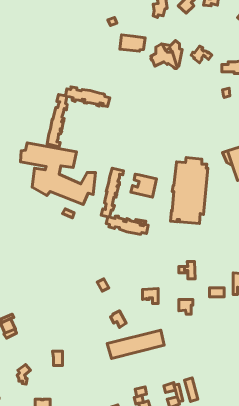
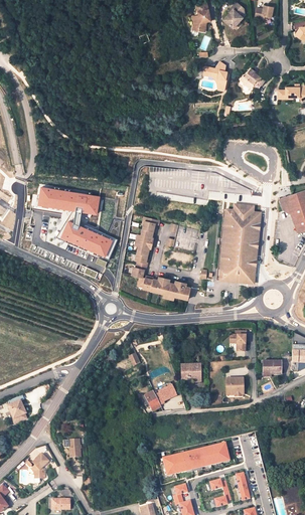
building: [120,35,145,51] -> none
building: [47,87,110,147] -> none
building: [107,330,164,358] -> [158,443,227,477]

